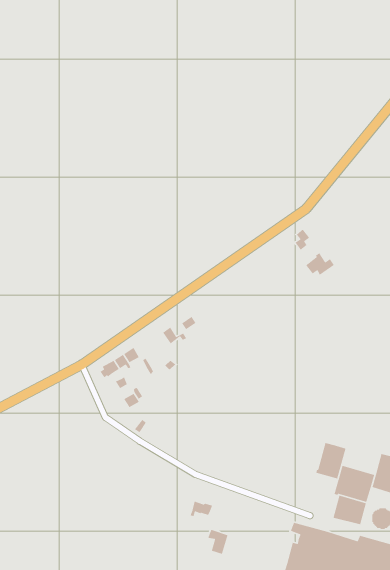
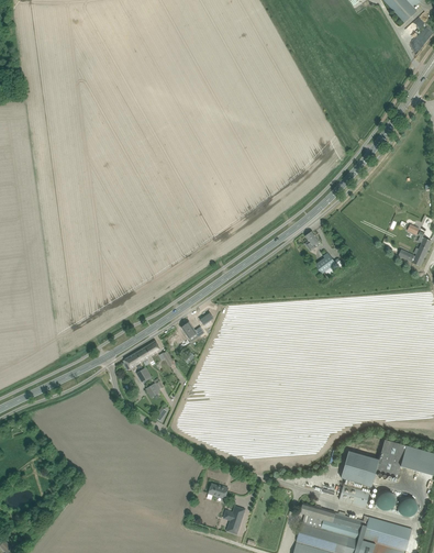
building: [315,442,346,479] -> none

